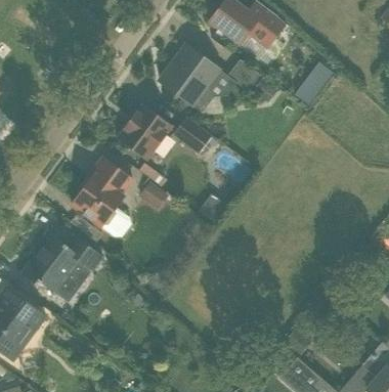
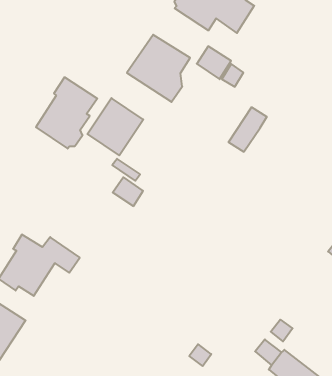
building: [296,62,335,105] -> [228,107,267,152]
building: [175,117,213,153] -> none
building: [73,158,134,227] -> [36,77,97,149]

